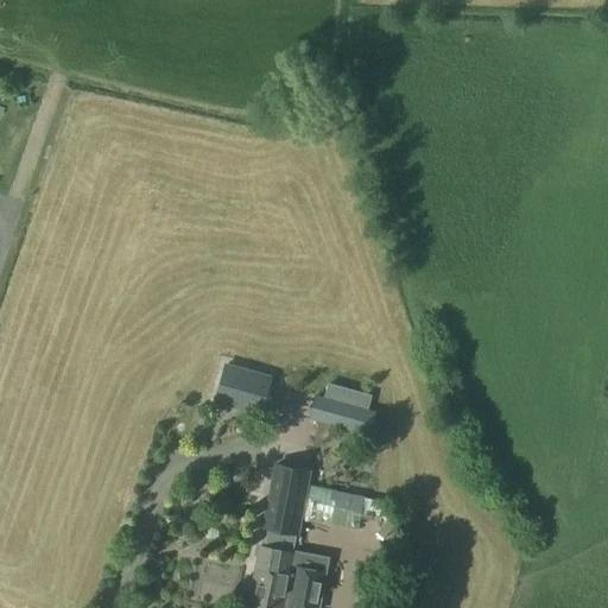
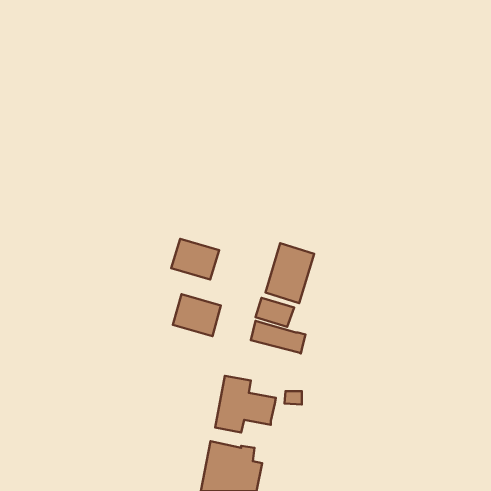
building: none -> [171,239,219,280]
building: none -> [265,243,314,303]

